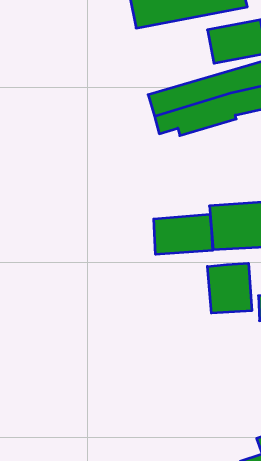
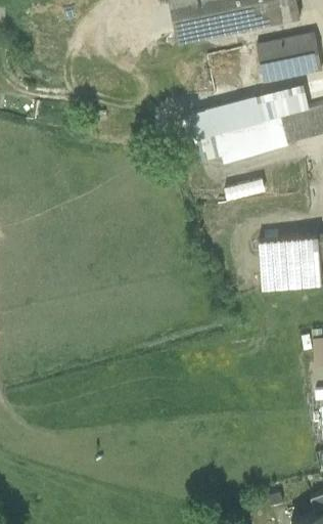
building: [154,214,213,254] -> none
building: [207,263,252,313] -> none

